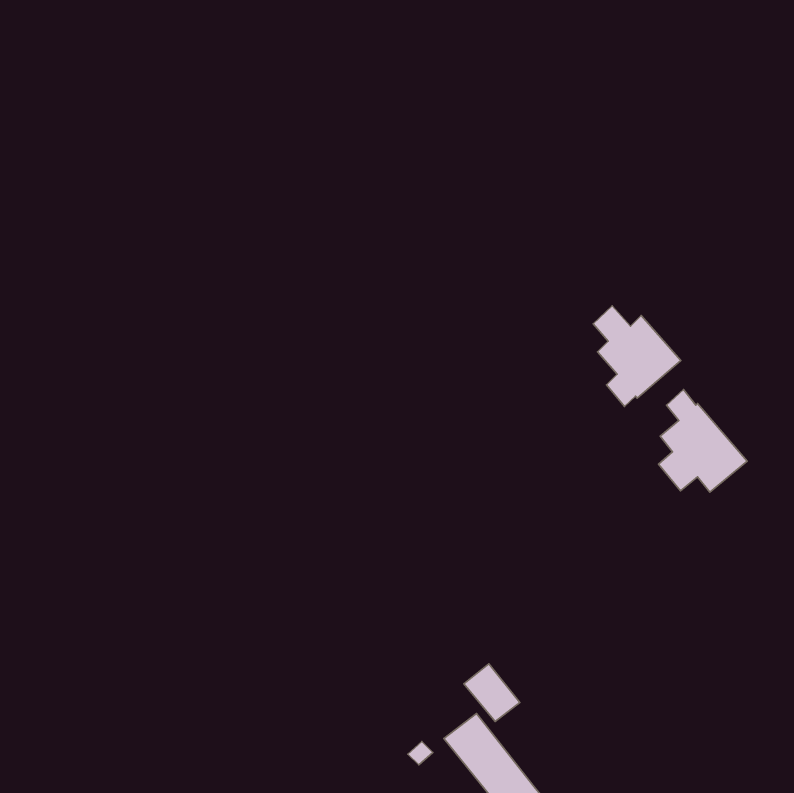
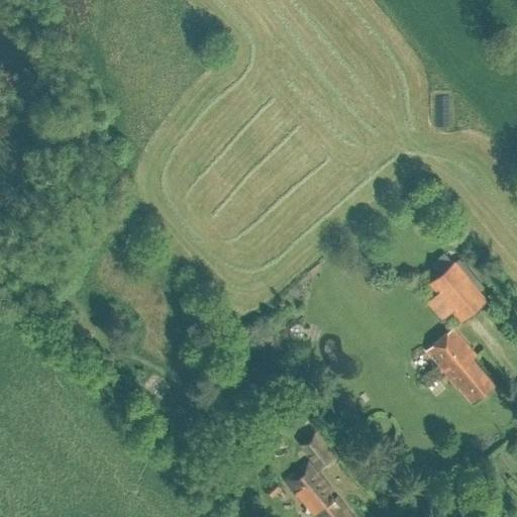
building: [593,306,681,407] -> none
building: none -> [426,330,494,405]

